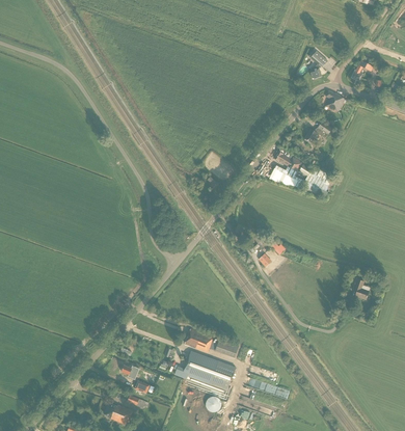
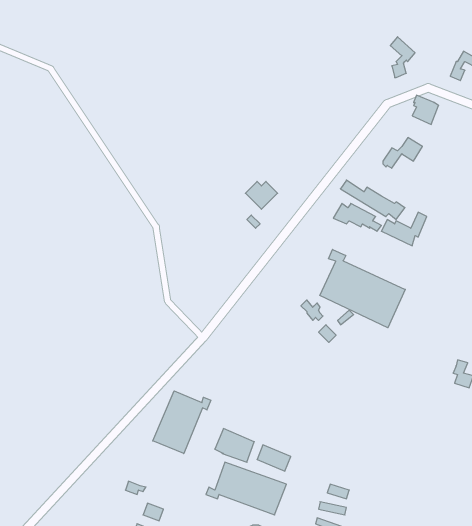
building: none -> [320,249,405,328]
building: none -> [153,391,211,454]

